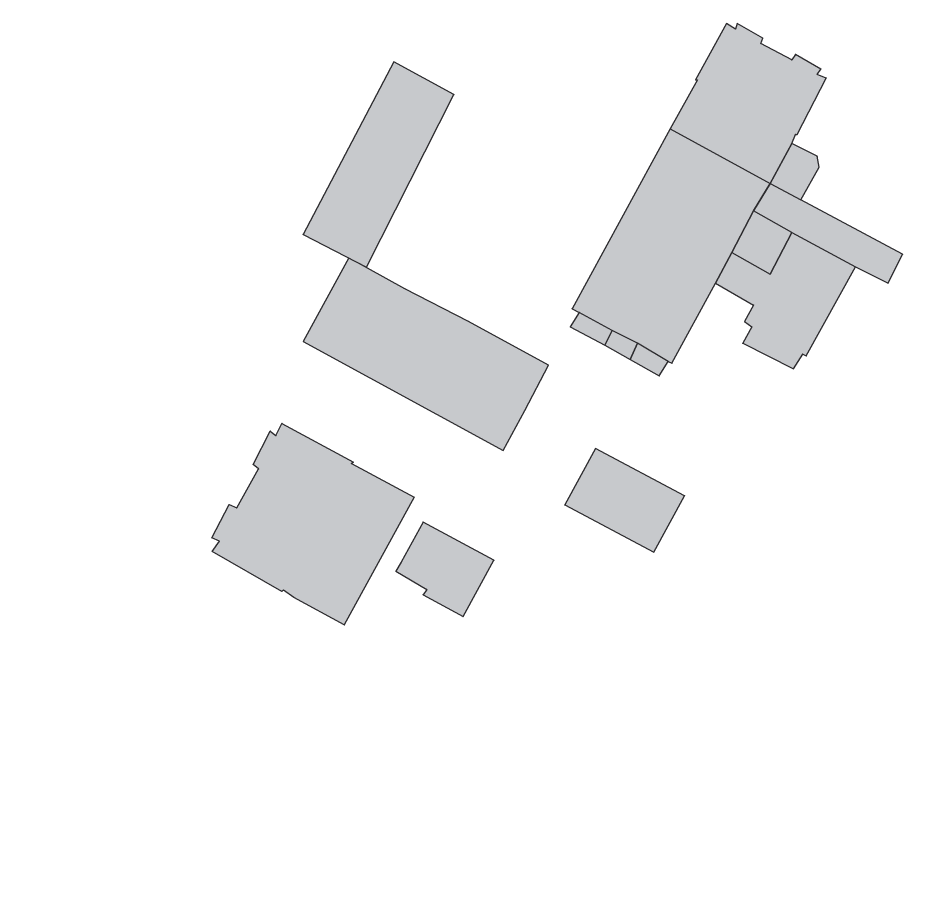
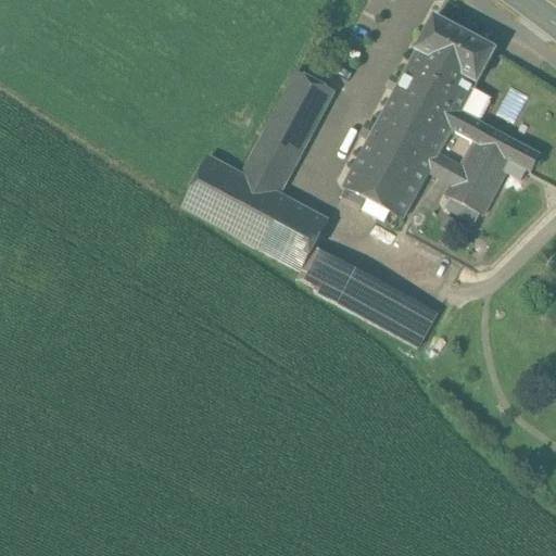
building: [303,62,454,267] -> [242,70,332,192]
building: [212,423,414,625] -> none
building: none -> [391,296,437,345]
building: [396,522,494,617] -> [298,245,356,302]

